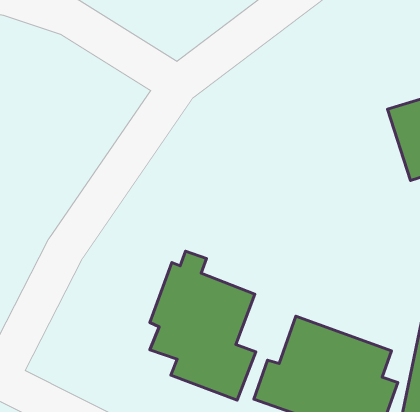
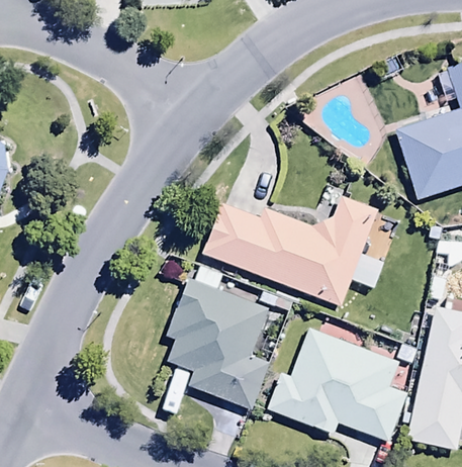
building: none -> [201,195,378,306]

